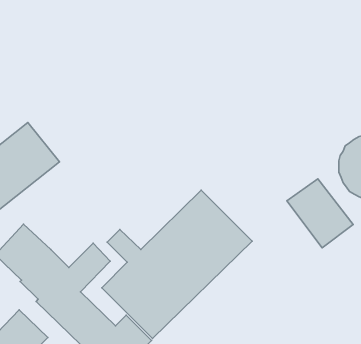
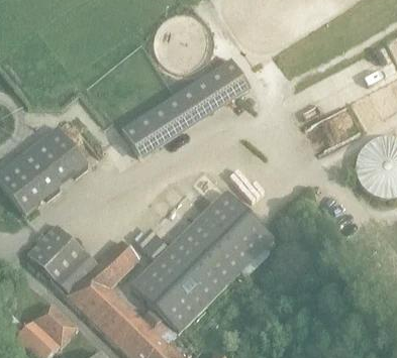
building: none -> [121,57,251,160]
building: [287,179,353,248] -> none

